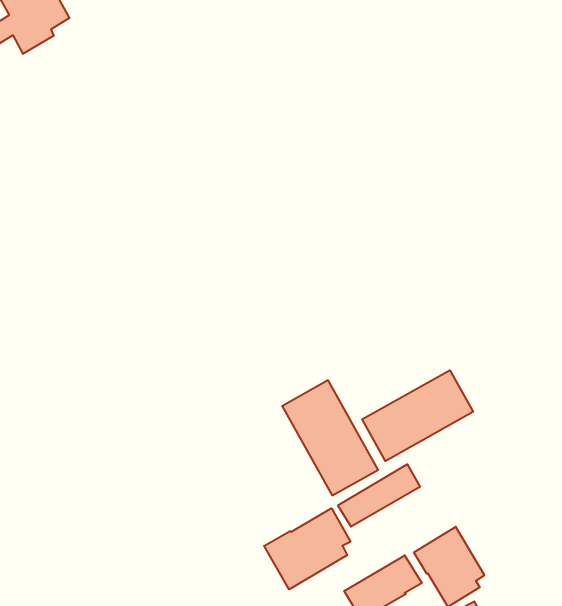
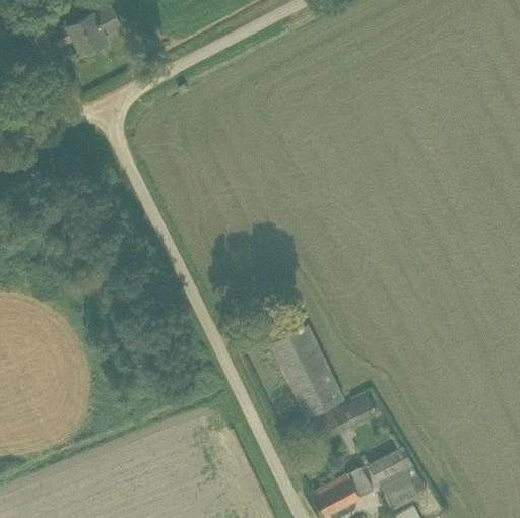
building: [362,370,473,461] -> none
building: [264,508,350,589] -> none

